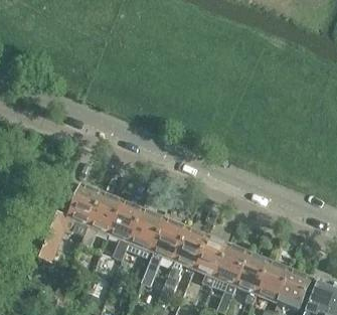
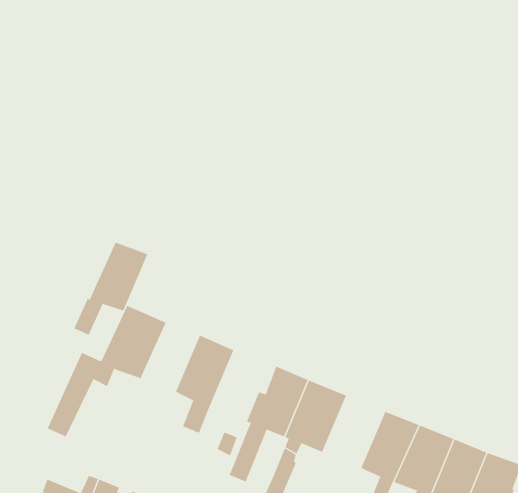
building: [79,194,123,249] -> [74,242,148,336]
building: [129,210,167,252] -> none
building: [194,237,230,287] -> none

